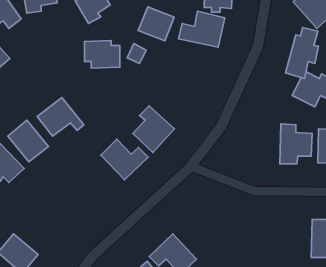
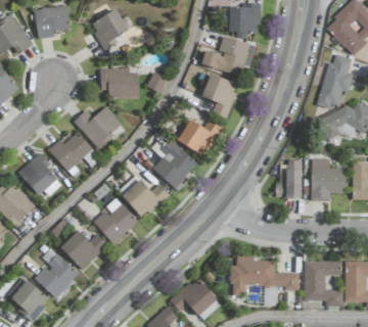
building: [138,7,174,41] -> [199,74,238,110]
building: none -> [74,106,122,150]
building: none -> [177,118,223,157]
building: none -> [278,160,302,198]
building: none -> [93,197,138,244]
building: none -> [59,230,107,270]
building: none -> [34,253,80,299]
building: none -> [230,256,298,294]
building: none -> [304,261,342,307]

